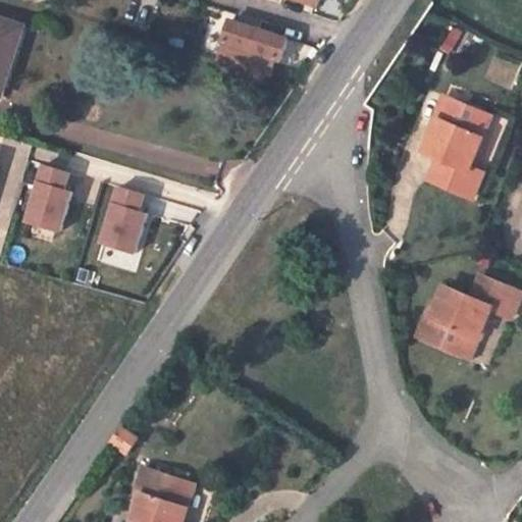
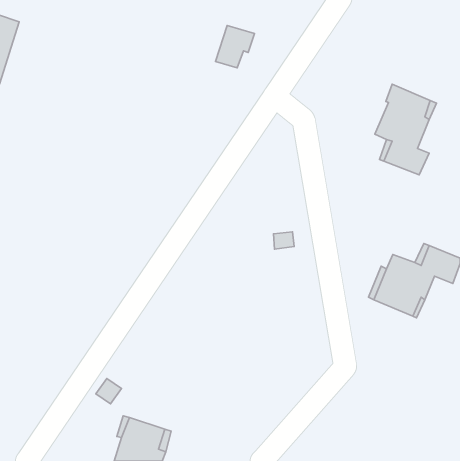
building: [217,19,256,69] -> none
building: [25,163,70,229] -> none
building: [100,186,145,251] -> none

